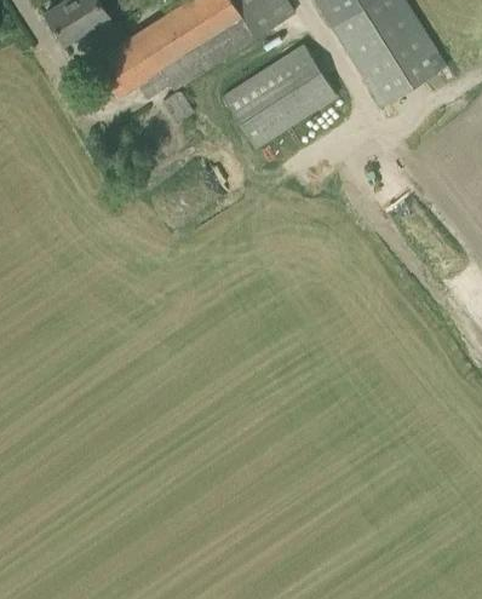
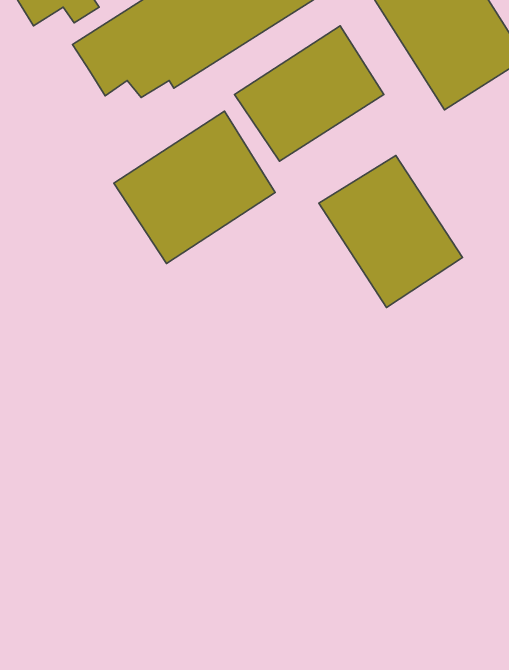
building: none -> [114,111,275,264]
building: none -> [319,155,462,307]

